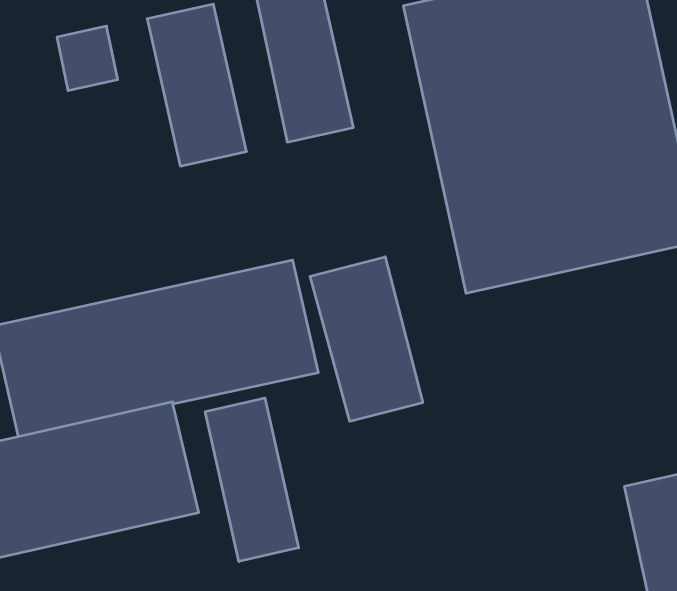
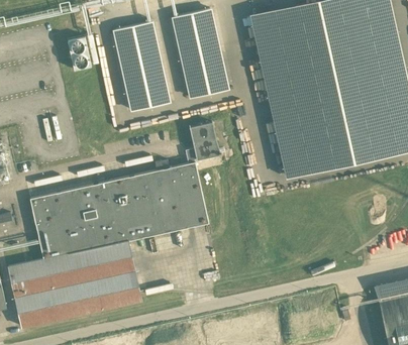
building: none -> [189,121,221,159]
building: [310,257,423,421] -> none
building: [205,398,299,562] -> none

